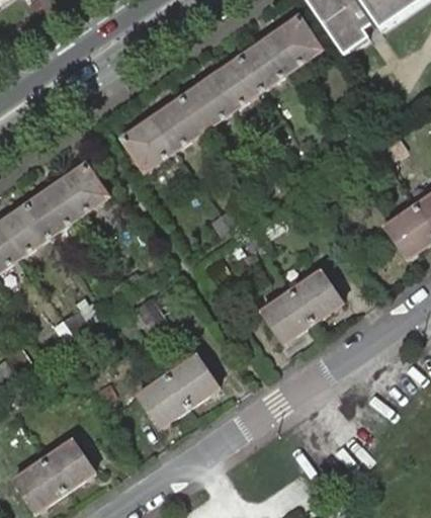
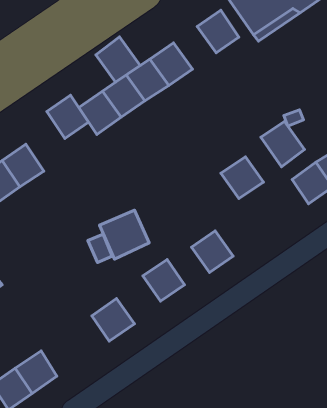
building: [239,36,291,89] -> none
building: none -> [96,37,140,82]
building: none -> [261,121,305,167]
building: [56,162,107,215] -> [47,95,89,138]
building: none -> [99,210,149,259]
building: [290,269,343,321] -> [221,157,263,198]
building: [168,353,220,405] -> [143,259,184,301]

